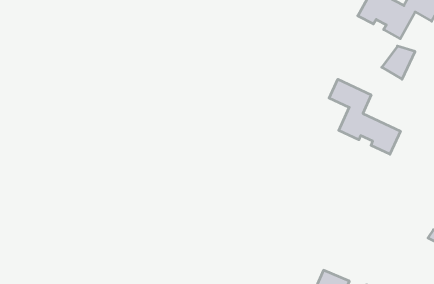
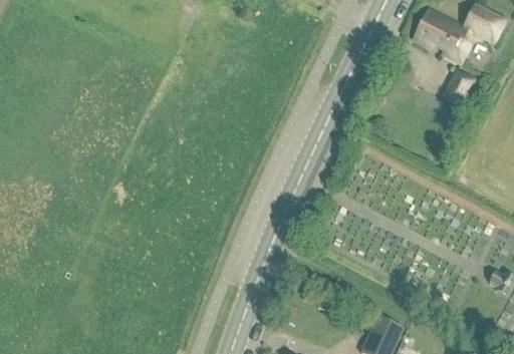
building: [329,79,400,154] -> none

